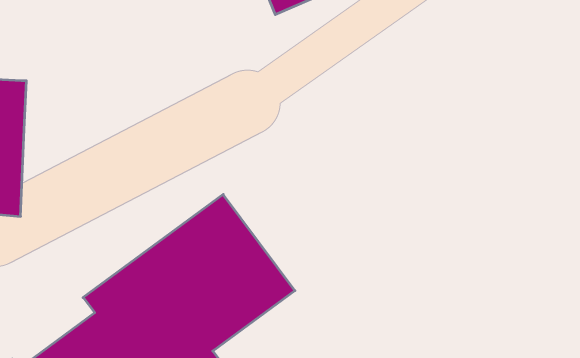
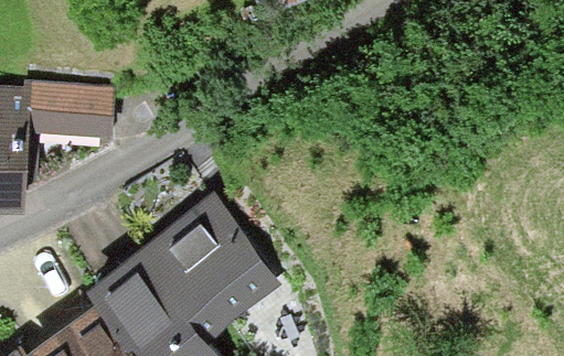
building: none -> [23,79,114,136]

